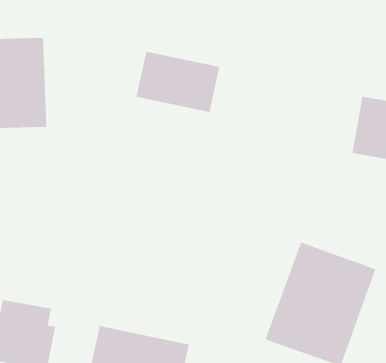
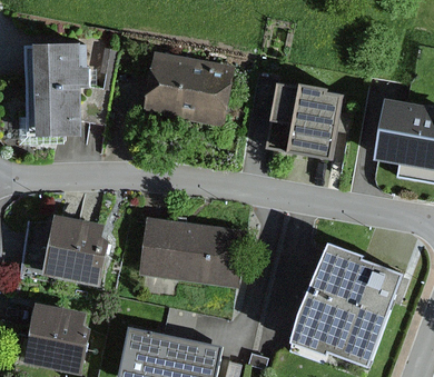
building: none -> [276,86,352,156]
building: none -> [38,214,103,286]
building: none -> [139,218,243,284]

